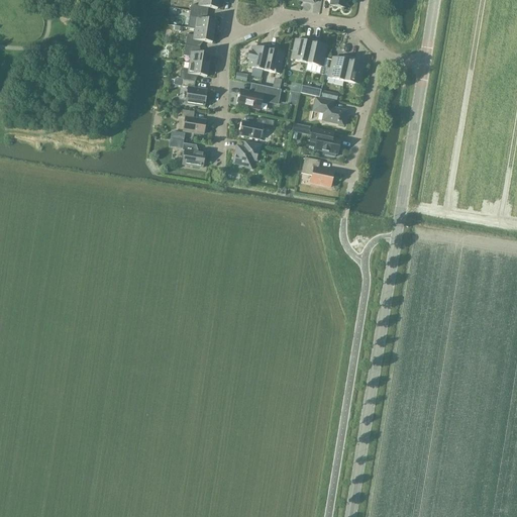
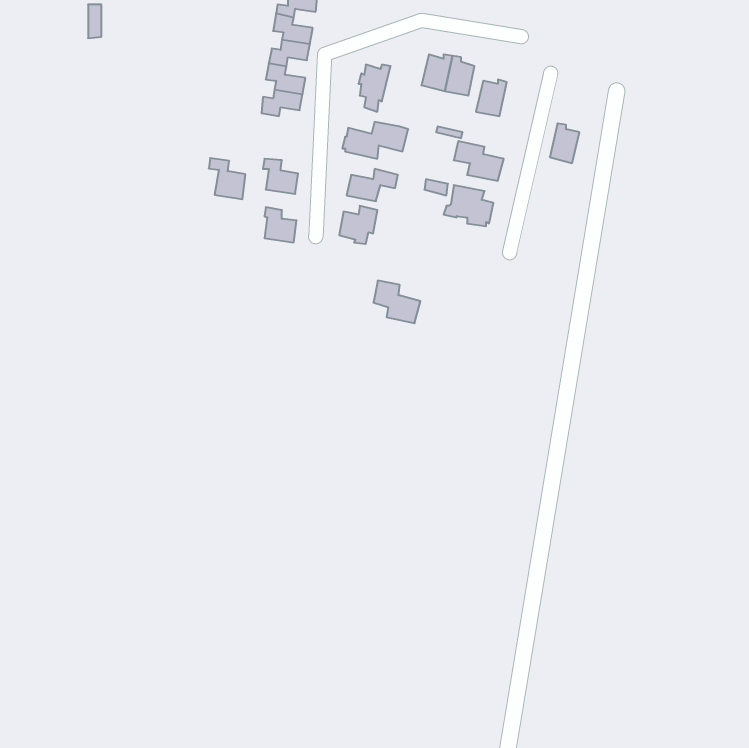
building: [264,45,285,73] -> none
building: [344,57,365,84] -> [550,123,579,163]
building: [182,78,207,106] -> [209,158,245,199]
building: [302,157,334,186] -> [373,281,420,323]

